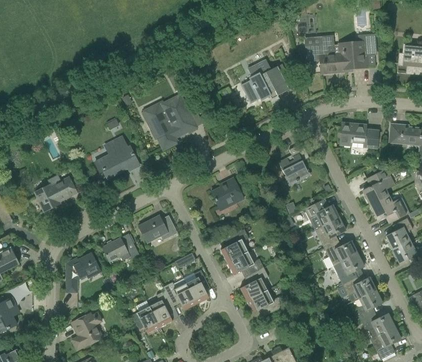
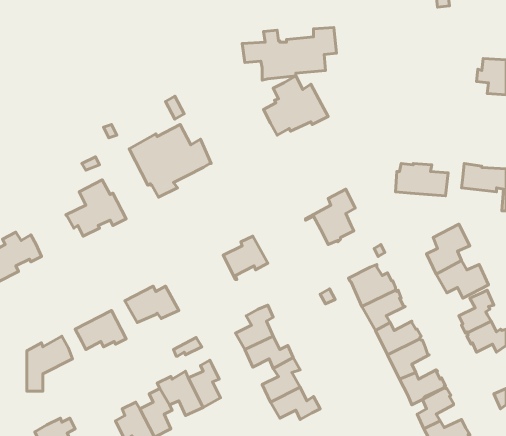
building: [305,35,375,74] -> [242,27,336,80]

